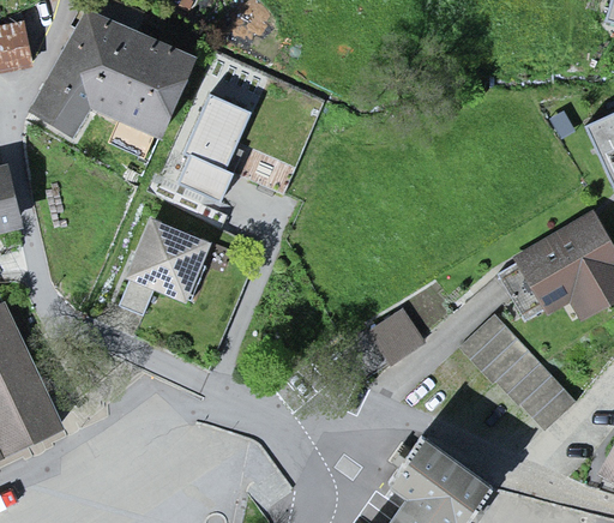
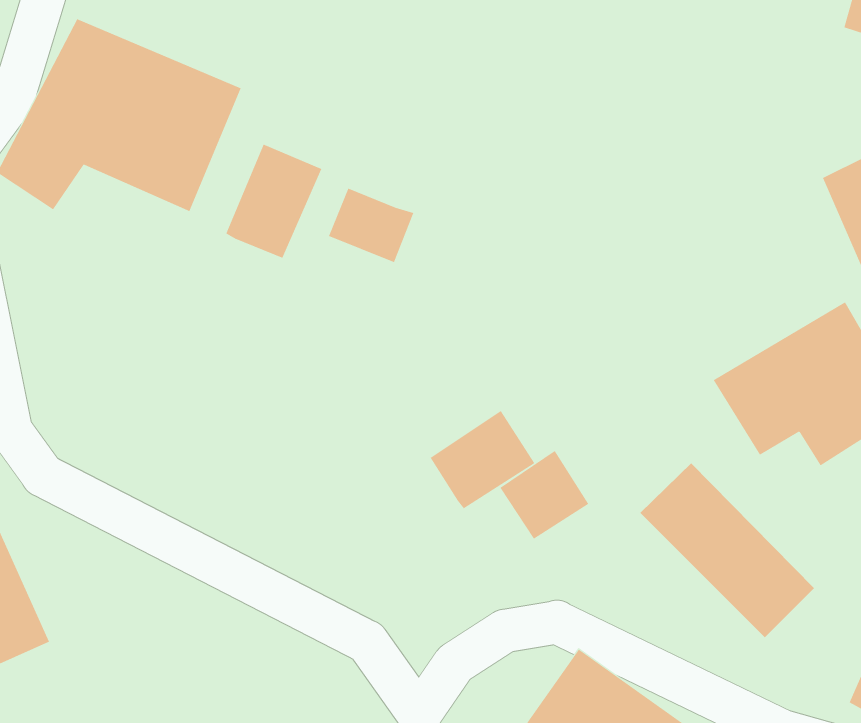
building: [177,161,235,211] -> [328,188,414,263]
building: [126,223,211,305] -> none
building: none -> [430,410,535,509]

